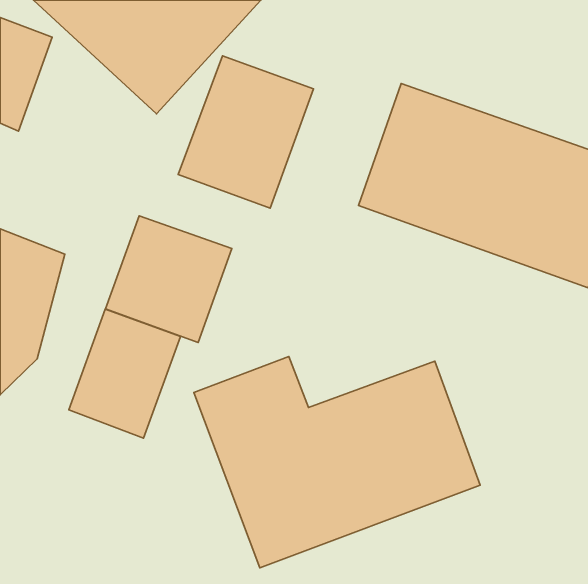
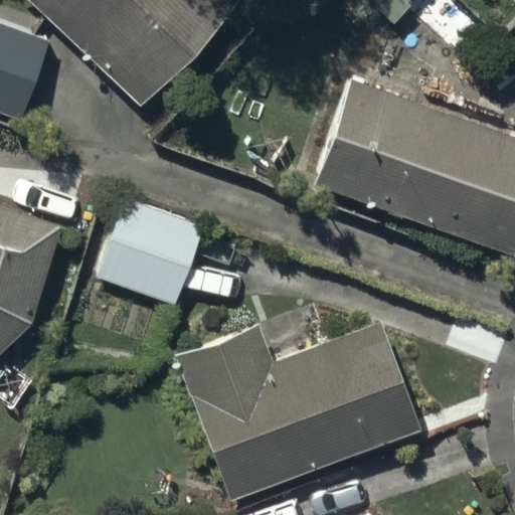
building: [178,56,313,208] -> none
building: [69,309,181,438] -> none

